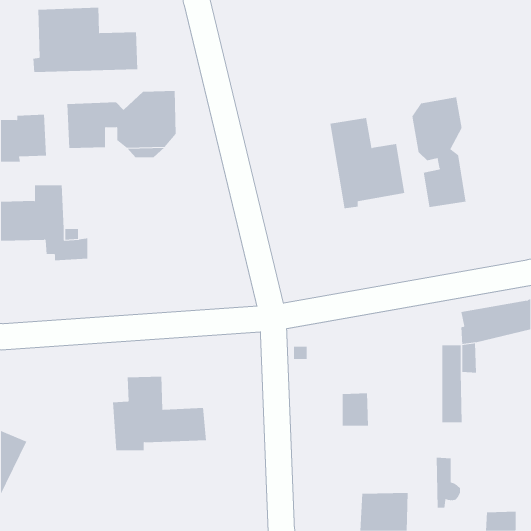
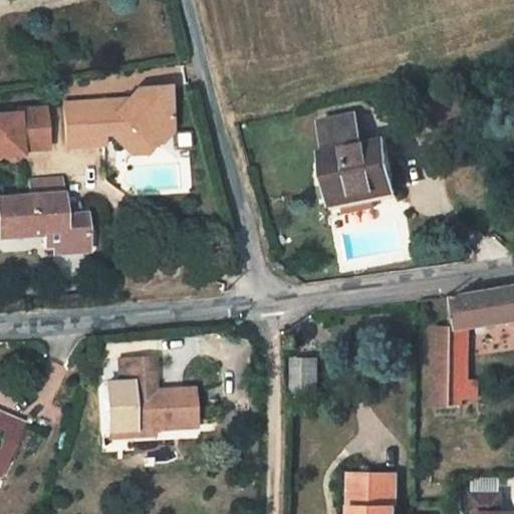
building: [33,7,138,73] -> none
building: [412,96,466,208] -> none
building: [342,393,369,426] -> [292,361,318,394]
building: [436,457,461,508] -> [446,359,470,409]

